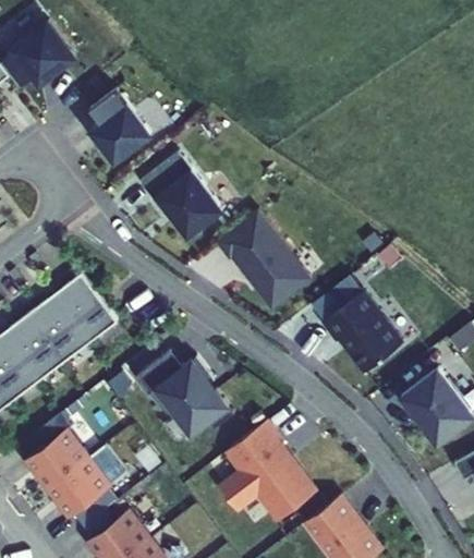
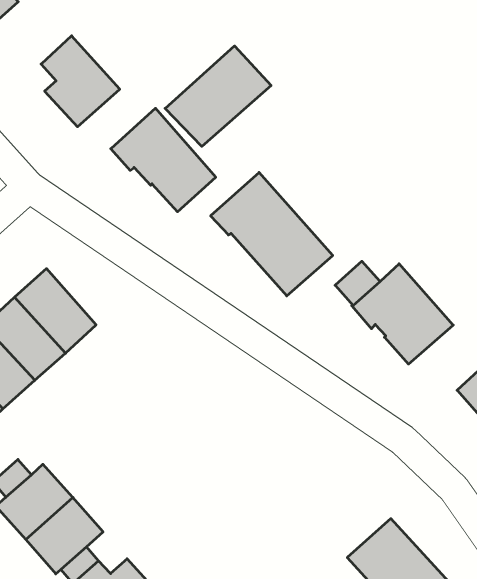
building: none -> [165,46,271,146]
building: [135,350,234,433] -> none
building: [219,418,316,521] -> none

